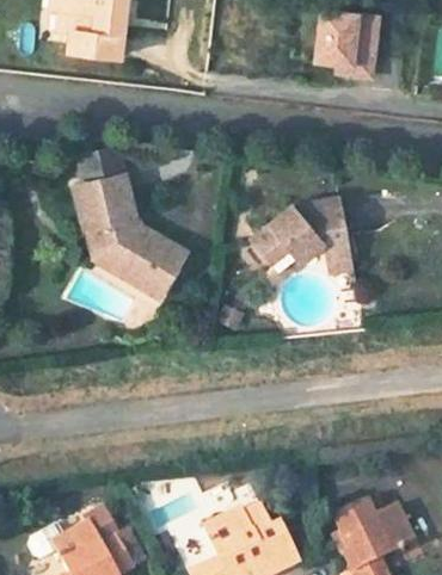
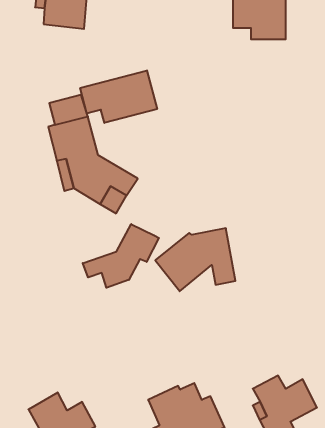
building: none -> [80,70,157,123]
building: [253,200,355,280] -> [155,228,235,291]
building: none -> [83,224,159,288]

